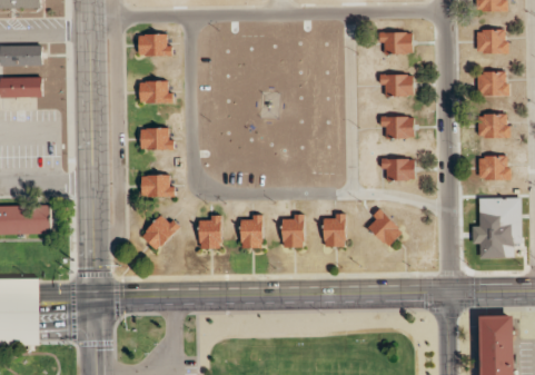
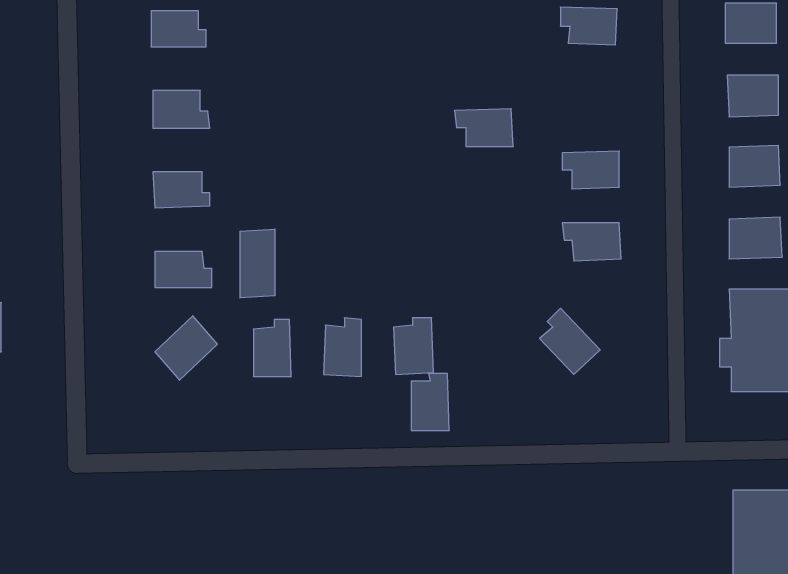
building: [379,75,414,97] -> [454,109,513,147]
building: none -> [240,229,275,298]
building: [324,214,346,247] -> [411,374,449,430]

